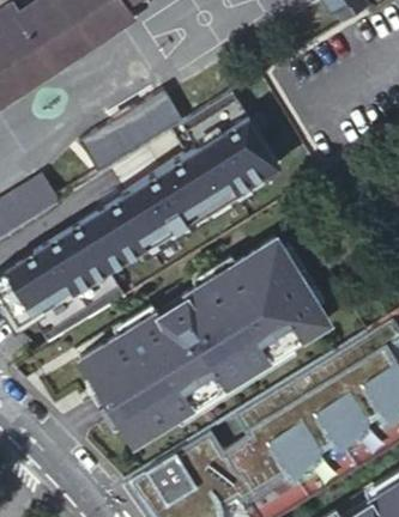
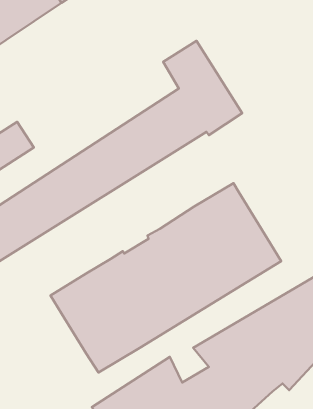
building: [102,98,183,164] -> none

